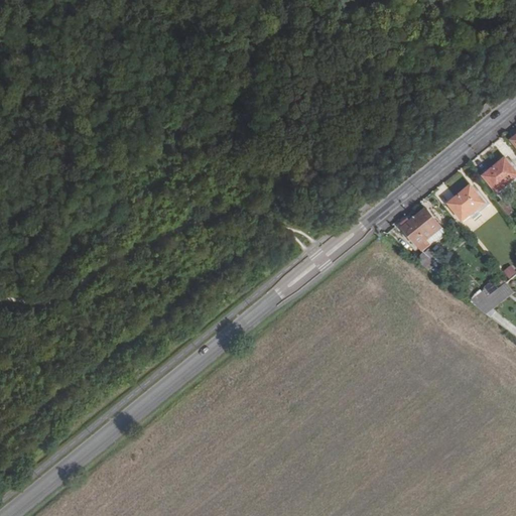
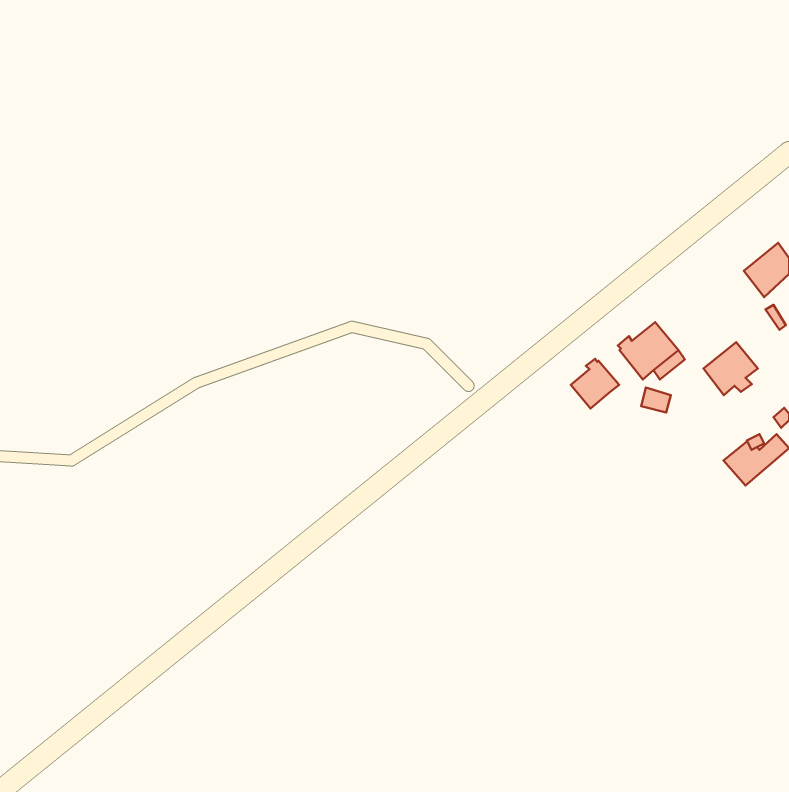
building: [447,185,483,220] -> [703,342,758,395]
building: none -> [571,359,619,409]

